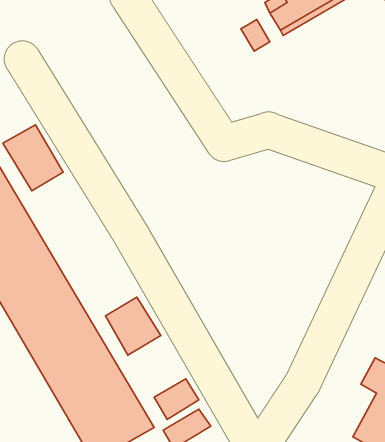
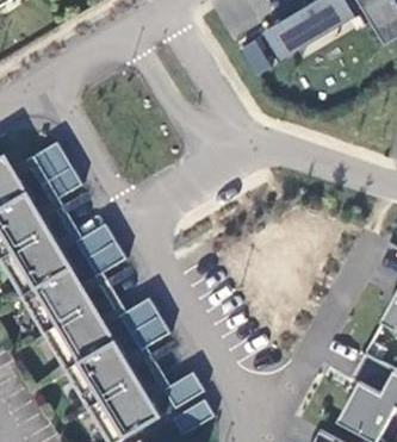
building: none -> [75,223,125,276]

